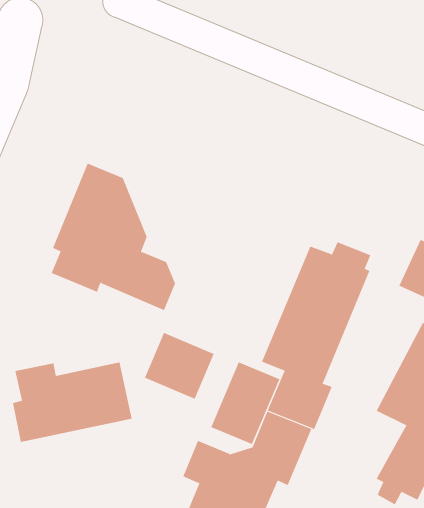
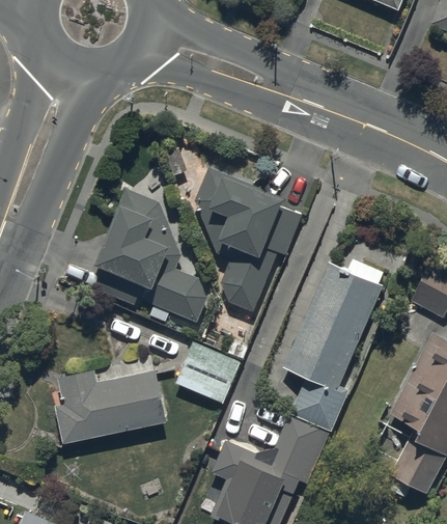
building: none -> [195,166,302,311]
building: [211,361,280,445] -> none

